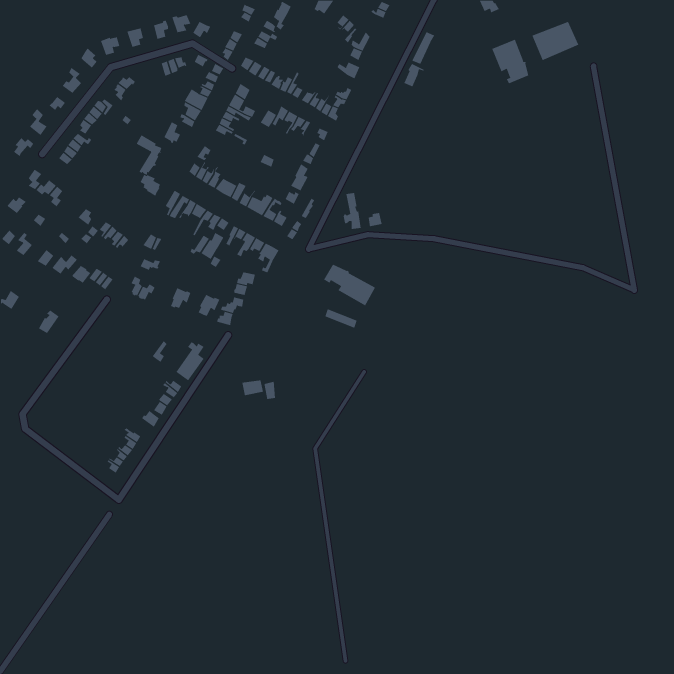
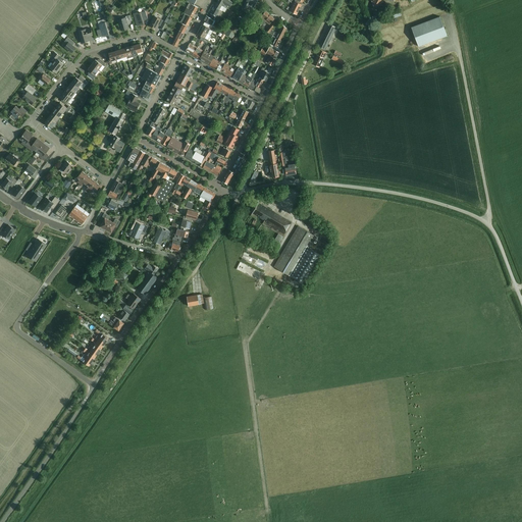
building: [492,39,529,84] -> none
building: none -> [274,226,316,277]

